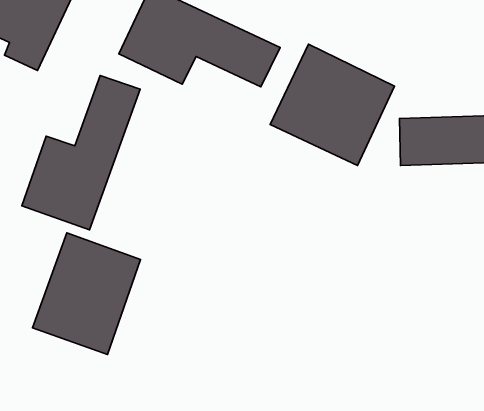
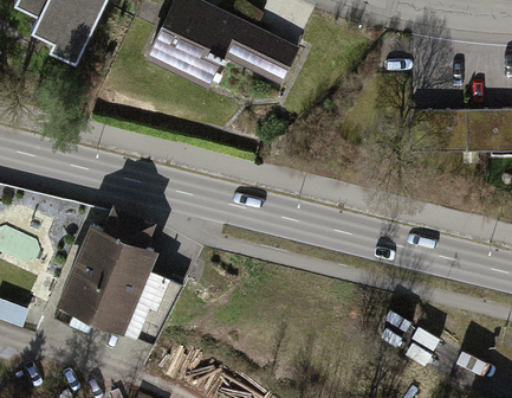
building: [270,44,395,166] -> none
building: [22,75,140,230] -> none

